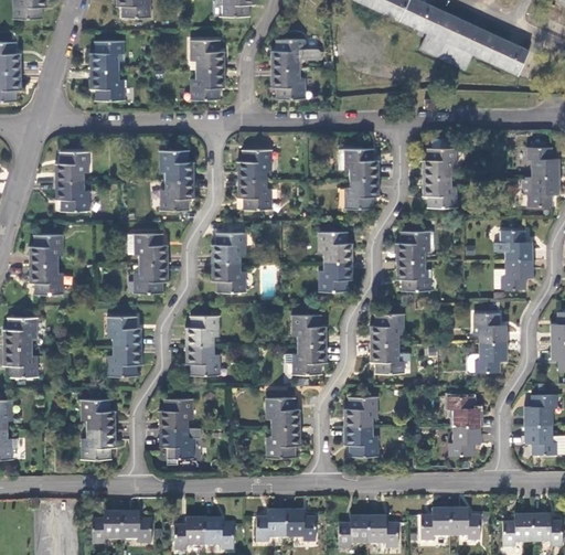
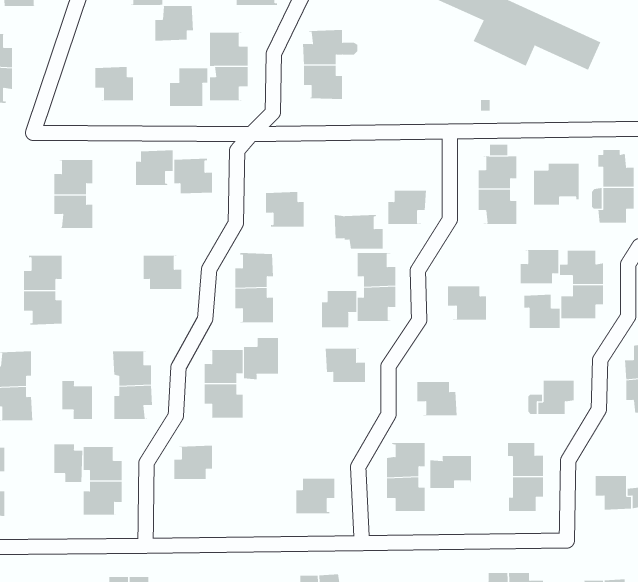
building: [90,40,125,71] -> [154,5,194,41]
building: none -> [170,68,208,107]
building: [335,147,379,177] -> [334,215,383,249]
building: [238,148,273,179] -> none
building: none -> [533,163,579,206]
building: [160,179,193,210] -> [135,150,173,186]
building: [396,230,430,259] -> [520,250,559,284]
building: [132,263,168,292] -> none
building: none -> [321,290,357,328]
building: none -> [243,337,278,380]
building: [475,311,507,341] -> [524,294,561,328]
building: [370,312,404,342] -> none
building: none -> [62,380,93,420]
building: [291,343,327,373] -> none
building: [524,394,555,424] -> none
building: none -> [54,443,83,483]
building: [265,396,299,426] -> none
building: none -> [430,455,472,489]
building: [159,427,193,457] -> none

